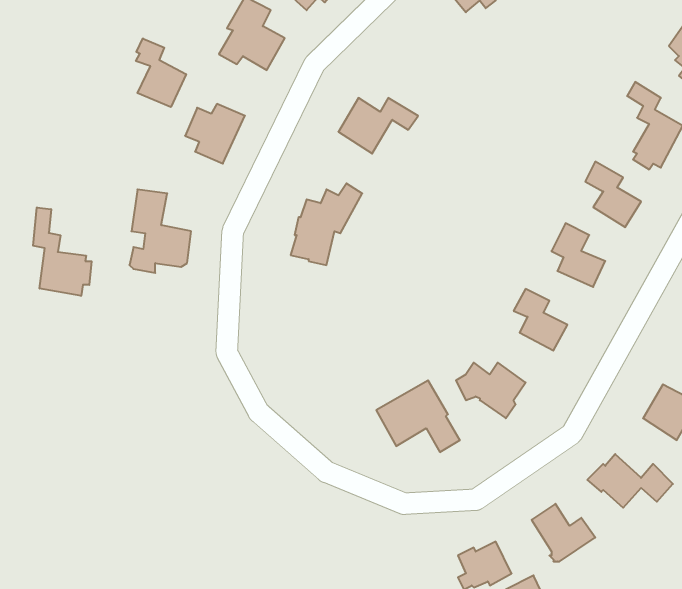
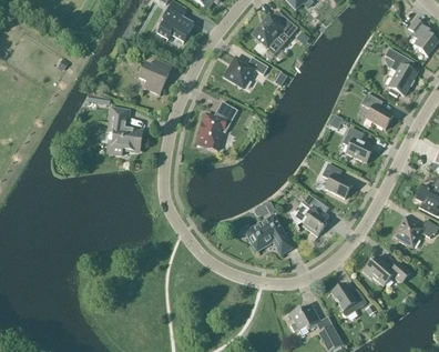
building: none -> [253,16,297,54]
building: [136,38,186,107] -> none
building: [33,207,92,296] -> none

